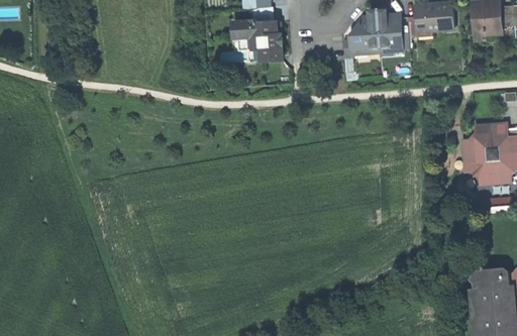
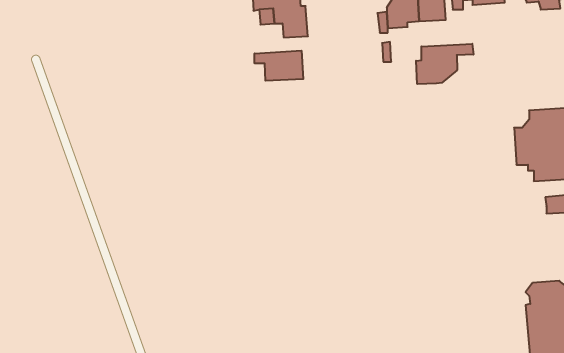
building: none -> [416,44,473,84]
building: none -> [255,51,303,81]

